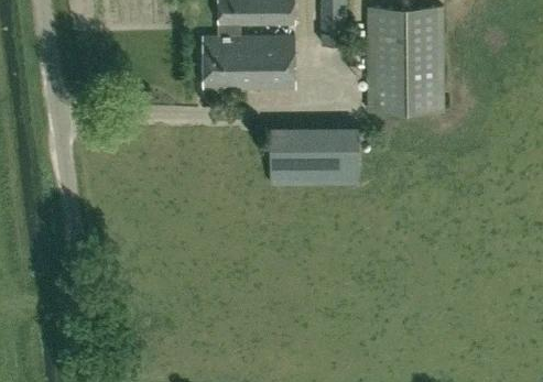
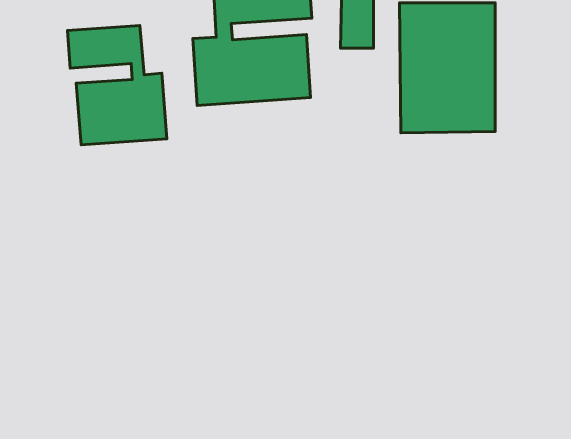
building: none -> [68,25,167,145]
building: [275,132,363,186] -> none

